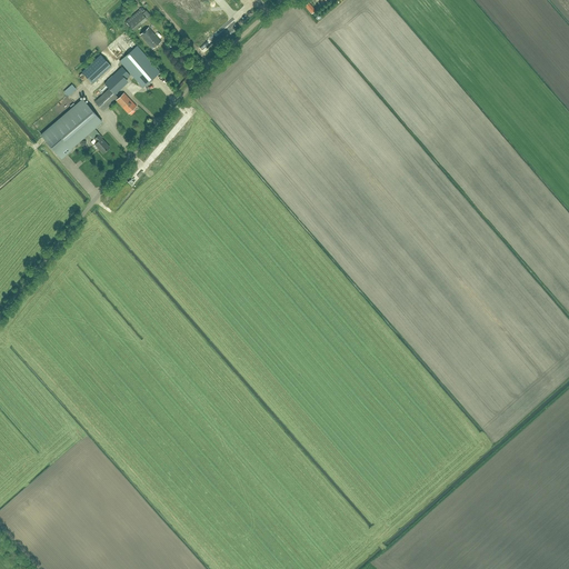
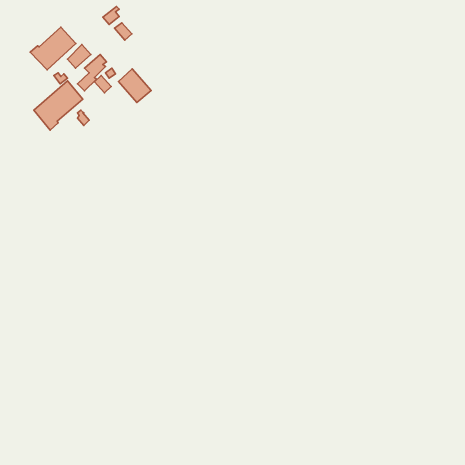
building: none -> [30,27,76,70]
building: [120,46,160,87] -> [119,69,151,102]

